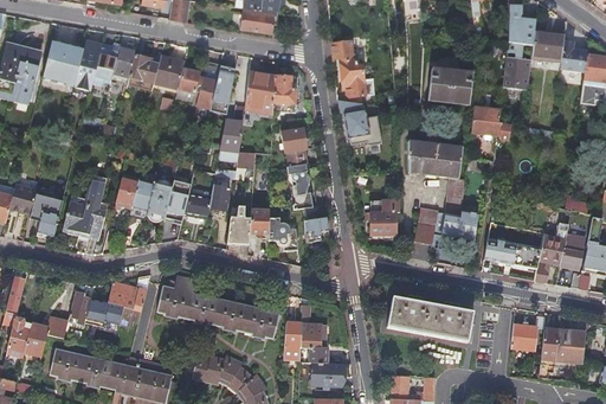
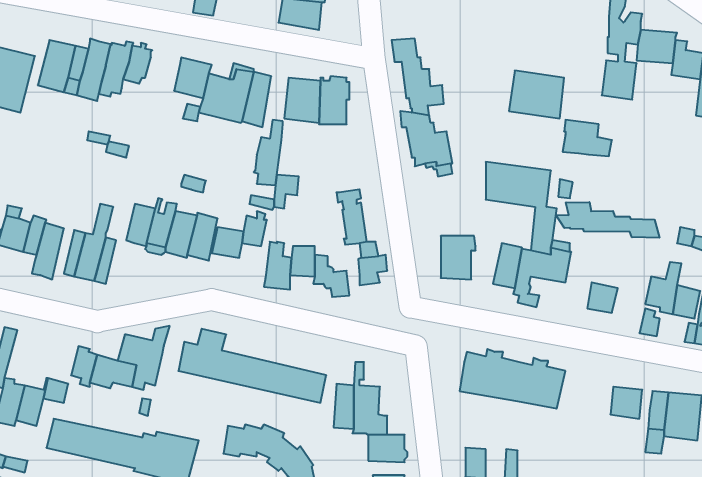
building: [129,56,159,83] -> none
building: [281,127,307,166] -> none
building: none -> [556,202,659,238]

